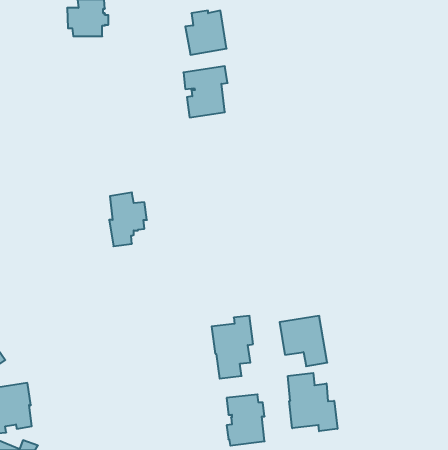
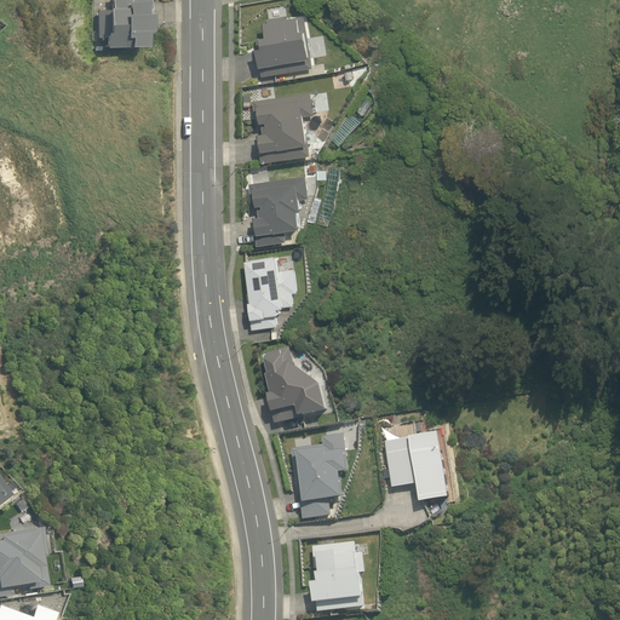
building: none -> [248,174,308,245]
building: [109,192,147,246] -> [245,254,297,328]
building: none -> [264,346,327,424]
building: [288,373,337,431] -> none

